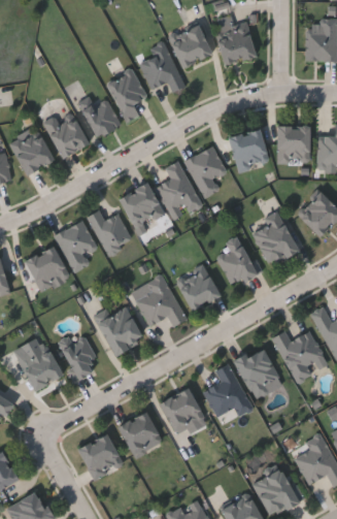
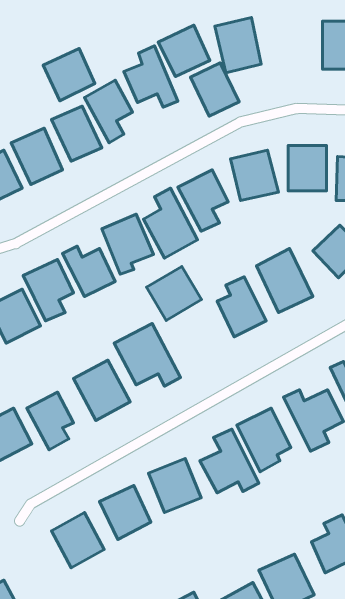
building: none -> [43,49,95,101]
building: none -> [190,63,239,116]
building: [174,266,221,312] -> [146,266,202,320]

